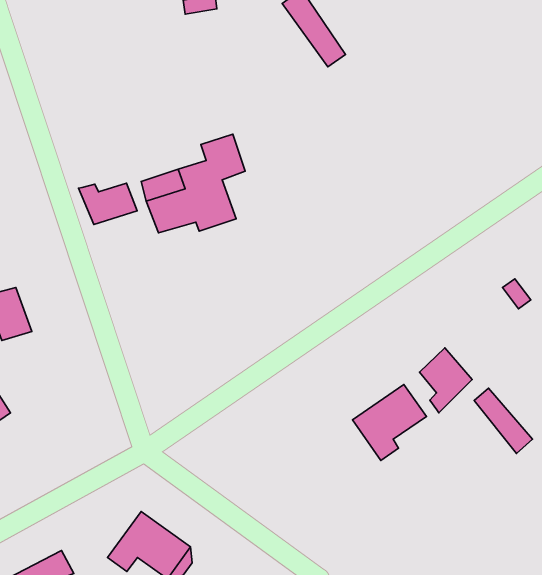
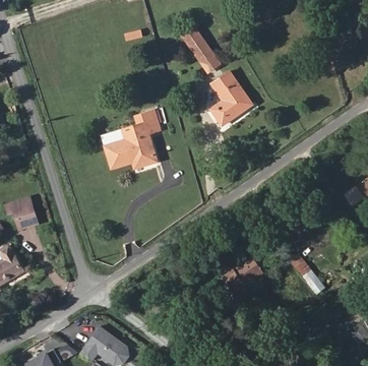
building: none -> [209,71,253,127]
building: [78,183,137,225] -> none
building: [419,348,472,413] -> none

